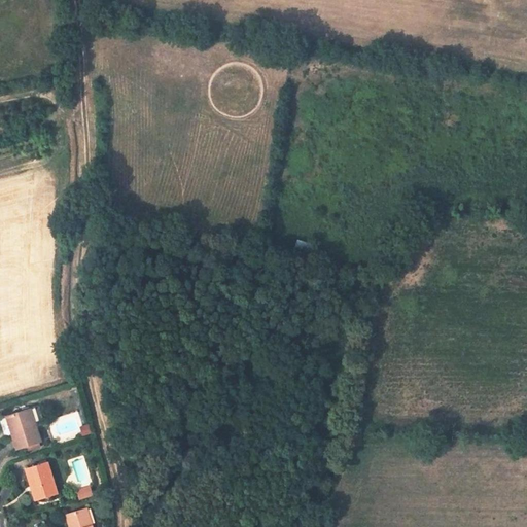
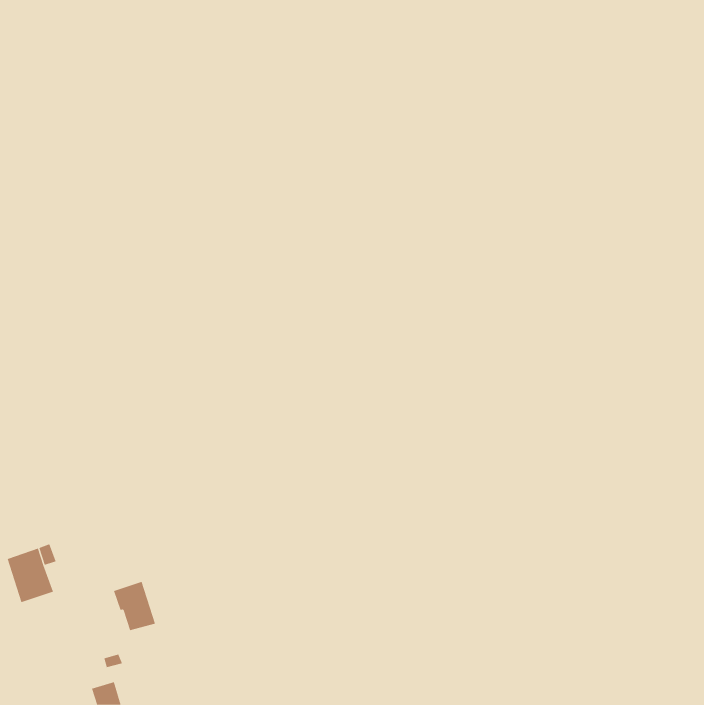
building: [25,462,57,499] -> [113,581,156,631]

